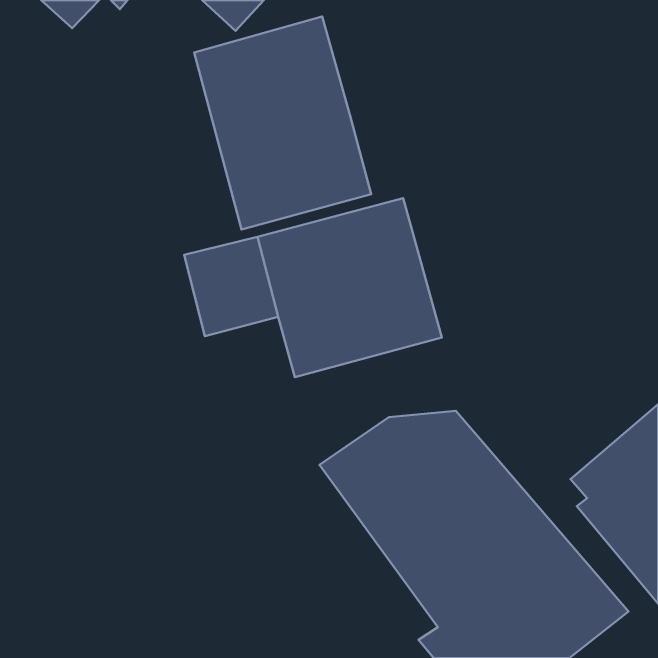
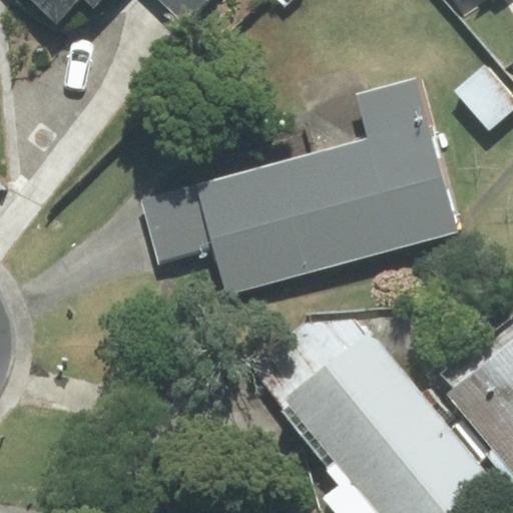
building: [194,17,371,229] -> none
building: none -> [314,77,461,263]

